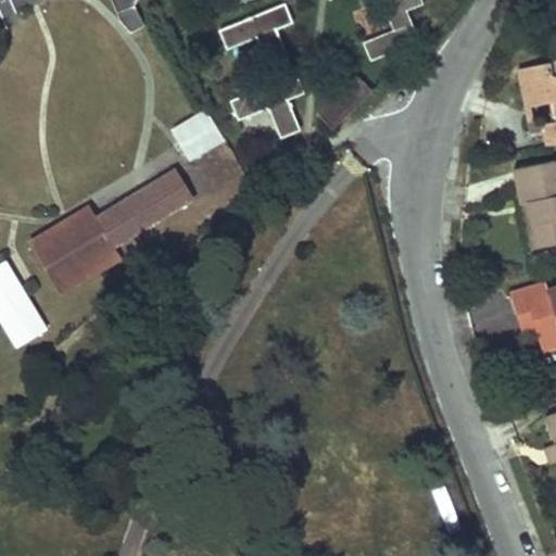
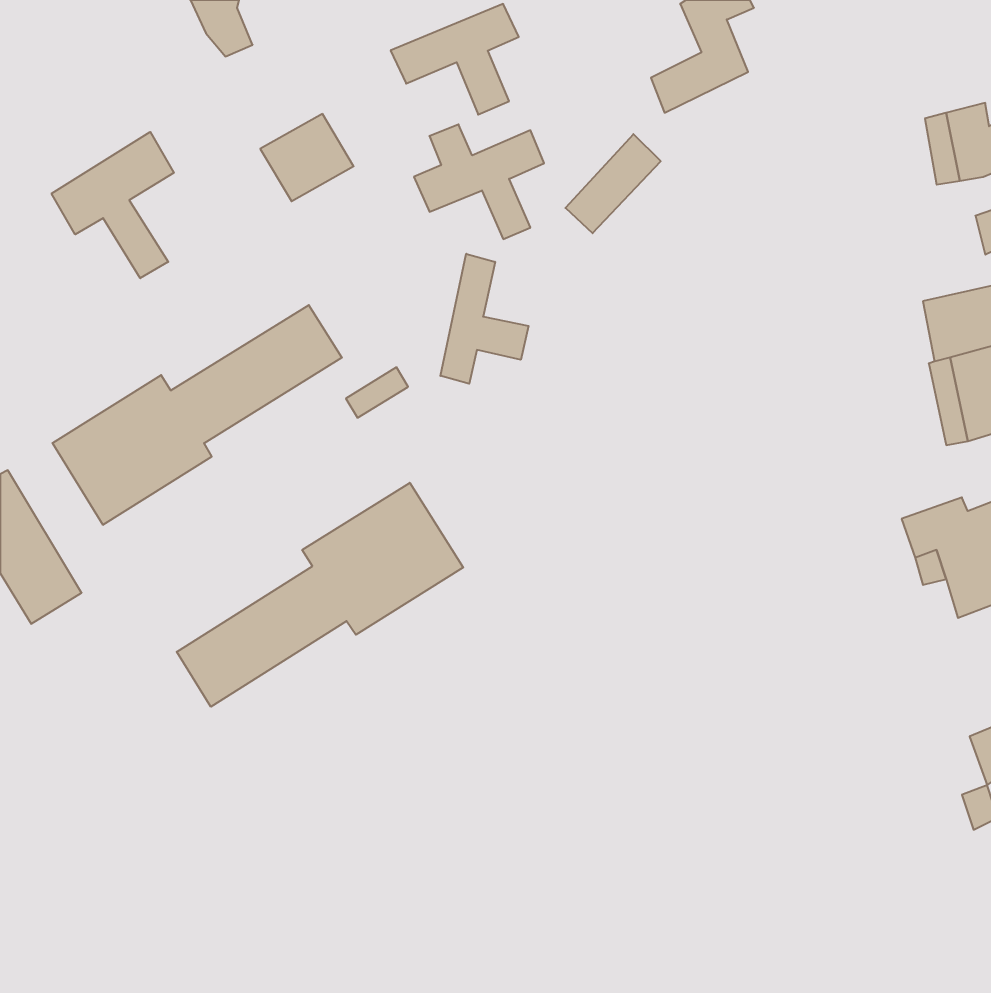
building: none -> [52,132,174,278]
building: [172,111,224,160] -> [260,114,354,201]
building: none -> [440,254,529,384]
building: none -> [177,483,463,707]

